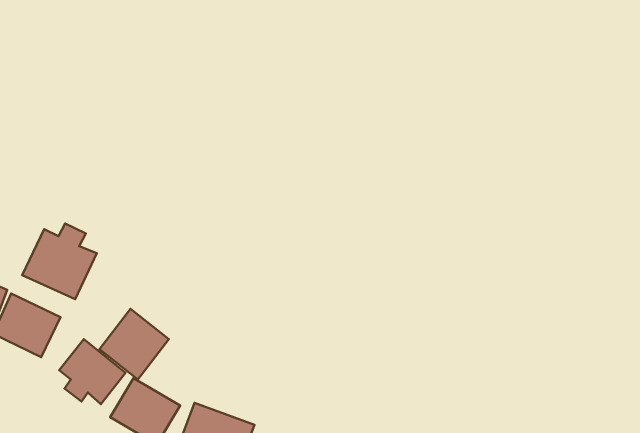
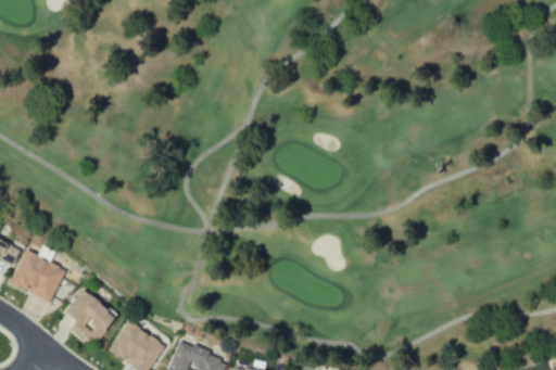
building: [22,223,97,299] -> none
building: [99,309,169,379] -> none

